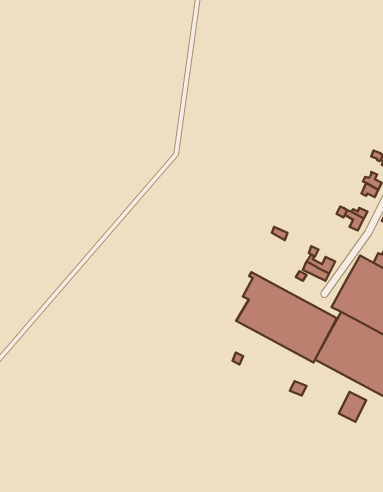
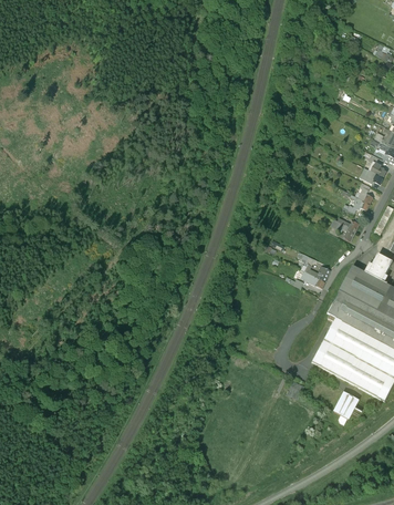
building: [236,272,337,363] -> none

